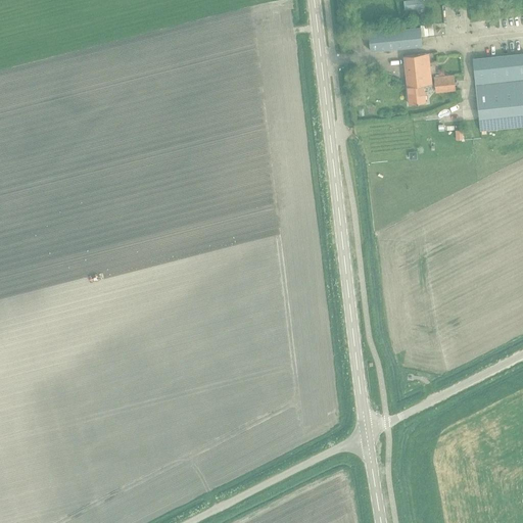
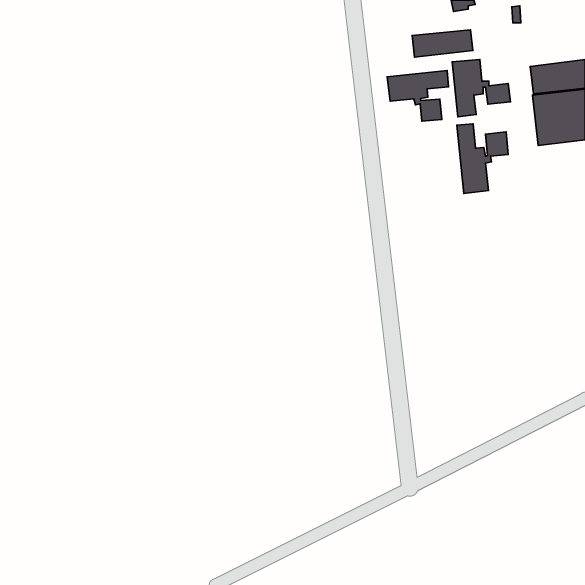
building: none -> [387,71,448,121]
building: none -> [457,124,508,194]

